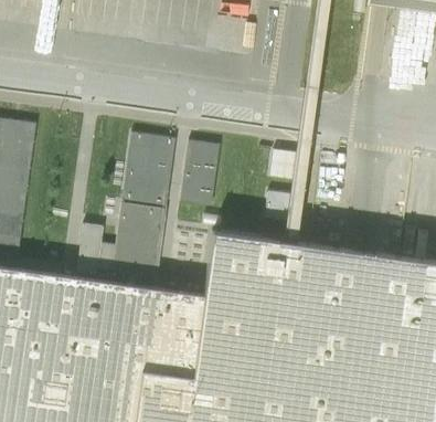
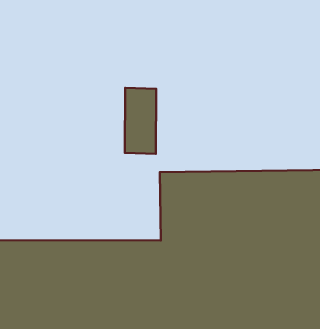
building: [78,131,173,277] -> none

